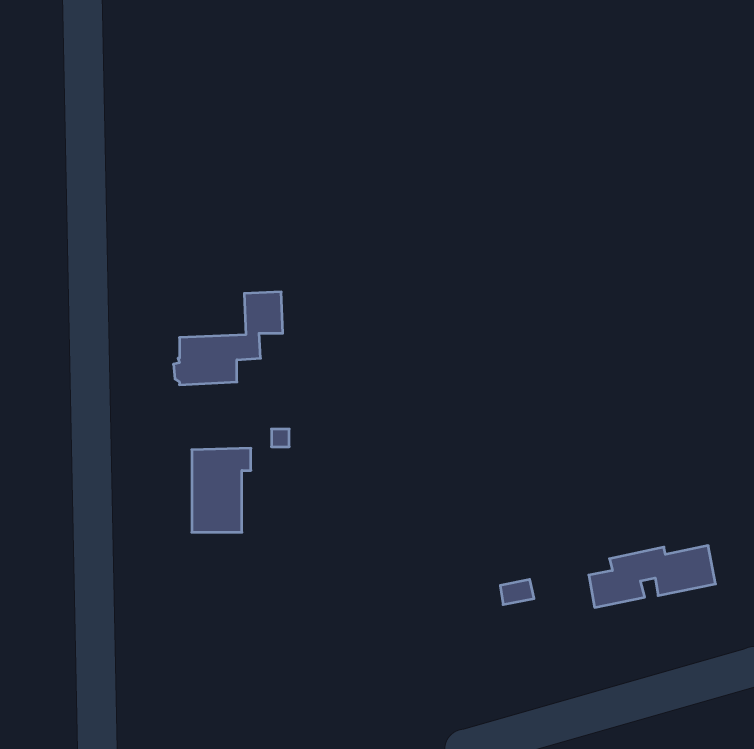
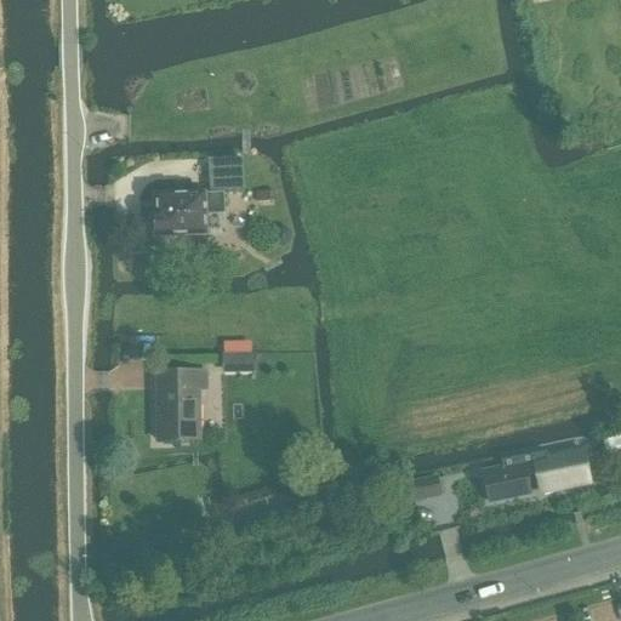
building: [173,292,283,385] -> [153,156,243,233]

